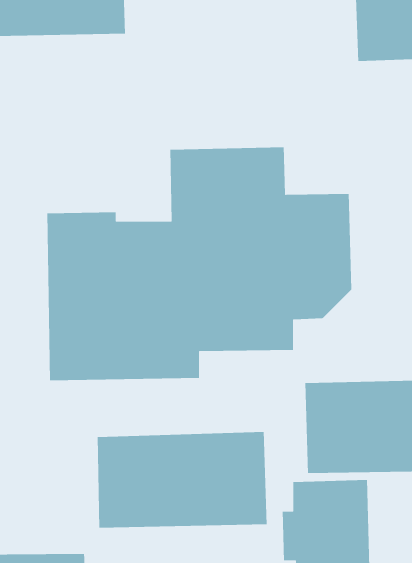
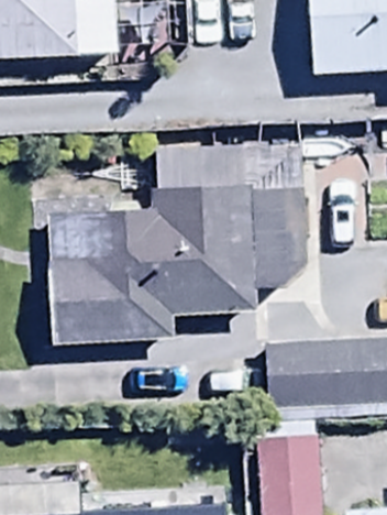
building: [97,431,268,529] -> none

